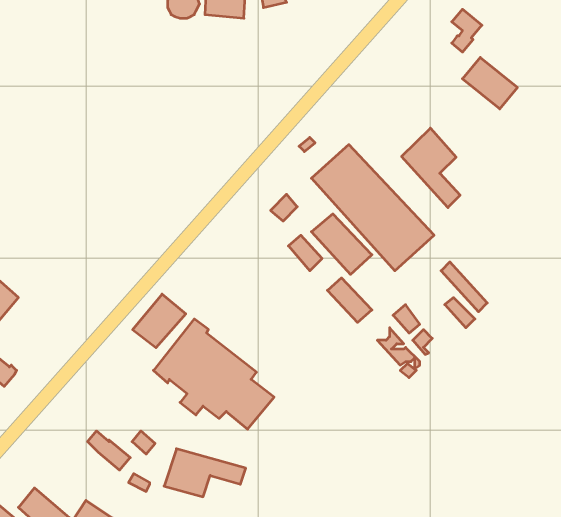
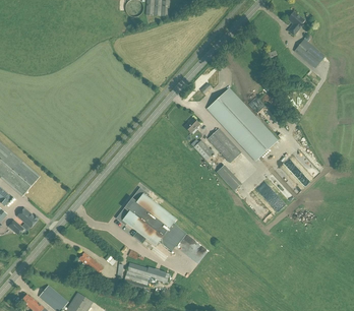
building: [402,128,460,208] -> none
building: [133,294,186,348] -> none

